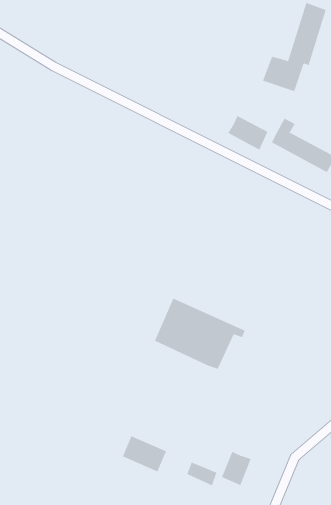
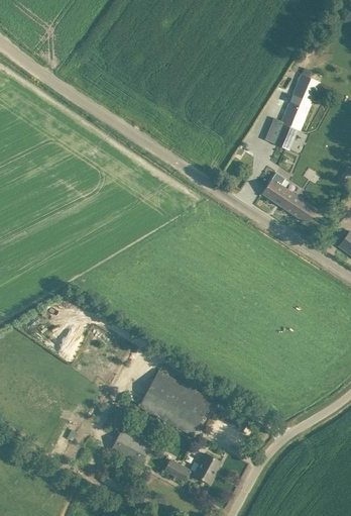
building: [227,115,268,150] -> none
building: [154,298,246,369] -> [139,370,218,434]

